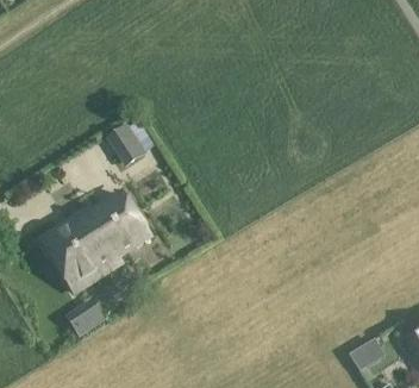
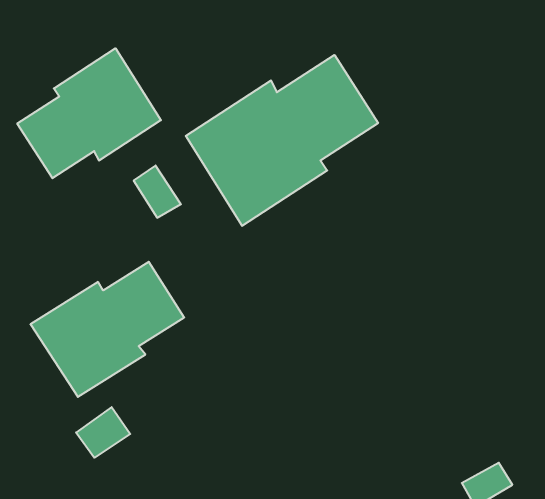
building: none -> [17,48,161,178]
building: none -> [186,55,378,226]

